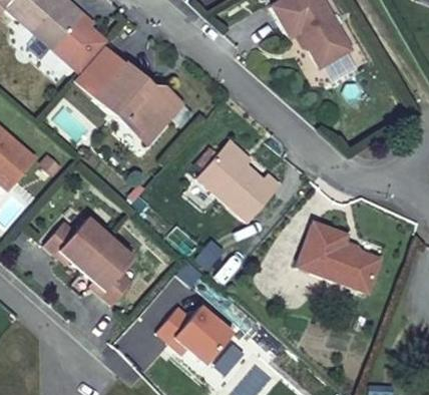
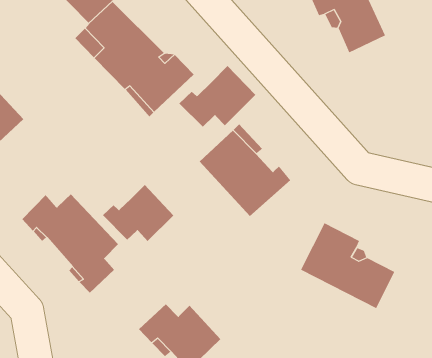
building: none -> [179,65,256,127]
building: none -> [102,184,174,242]

